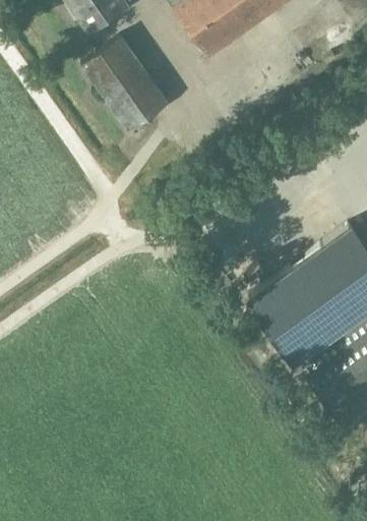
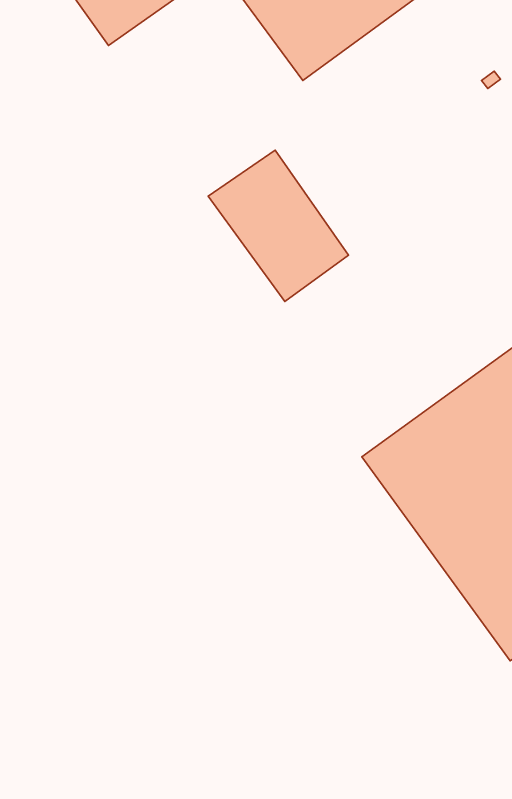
building: [79,36,169,132] -> [208,150,349,301]

